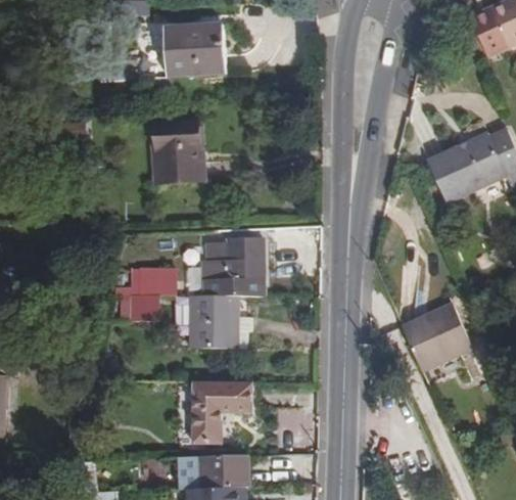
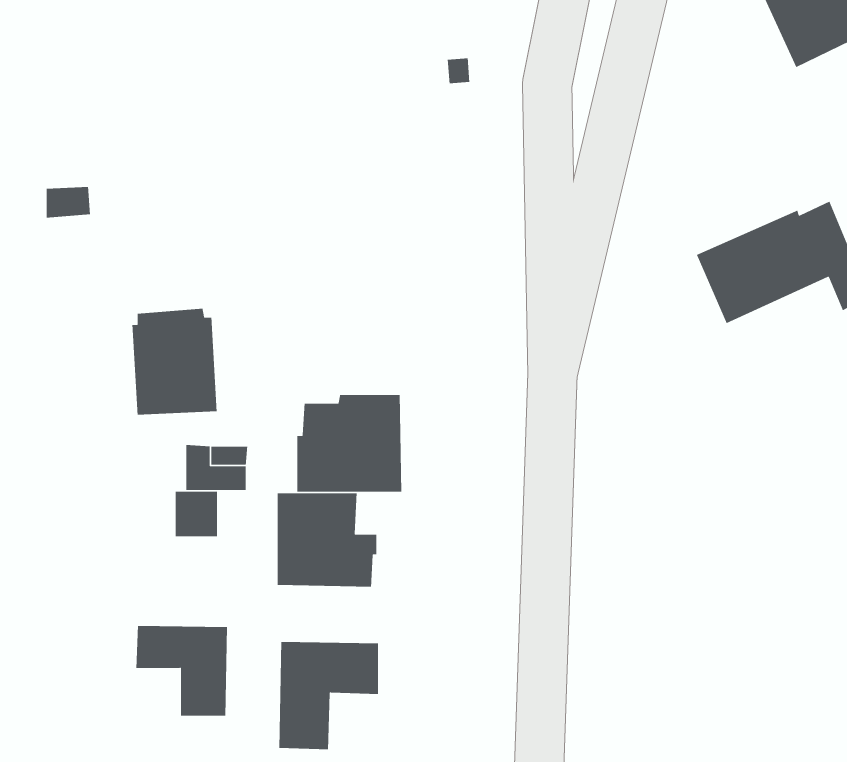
building: [165,25,226,77] -> none
building: [152,121,201,182] -> [131,308,217,415]
building: [403,303,474,370] -> none
building: none -> [135,625,228,717]

